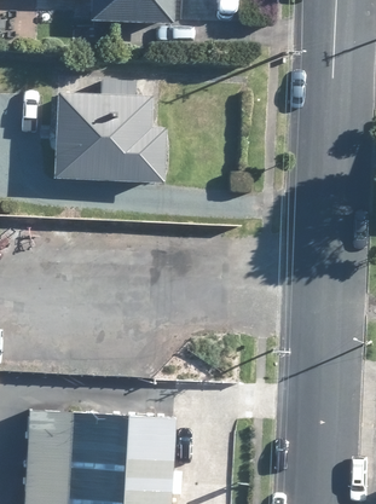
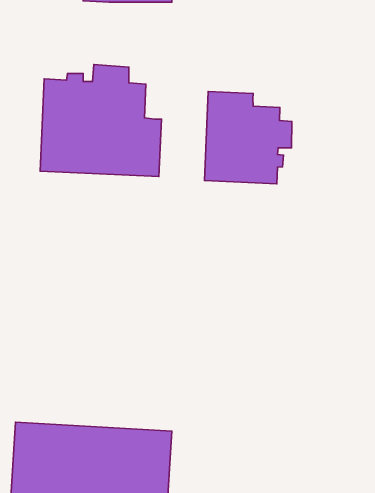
building: none -> [204,92,292,184]

